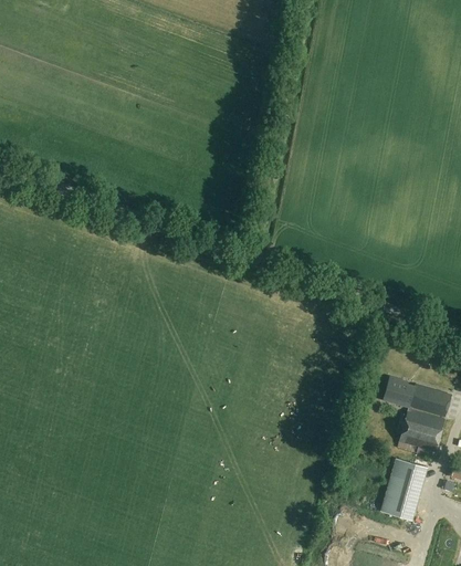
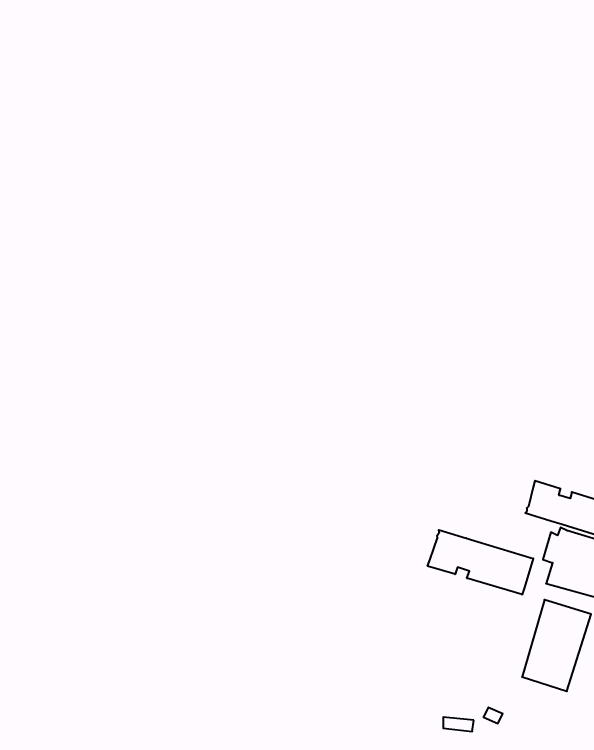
building: none -> [428,530,533,595]

